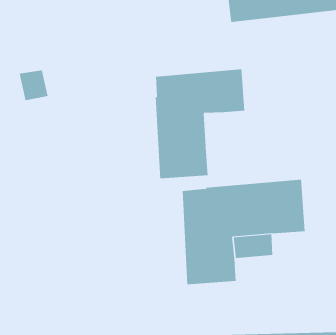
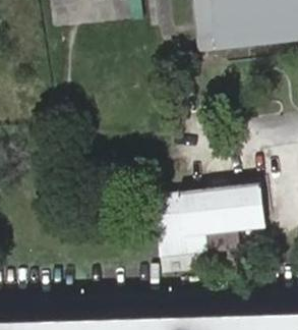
building: [155,68,245,179] -> none

